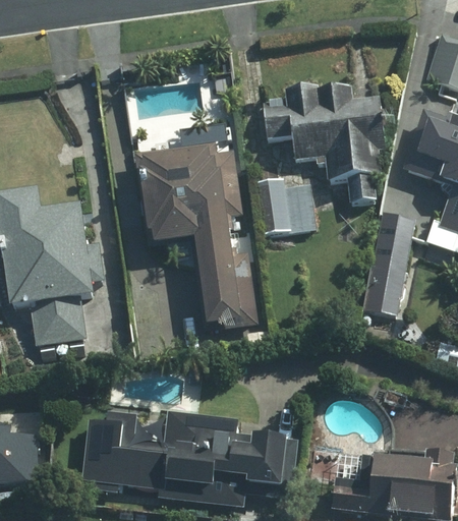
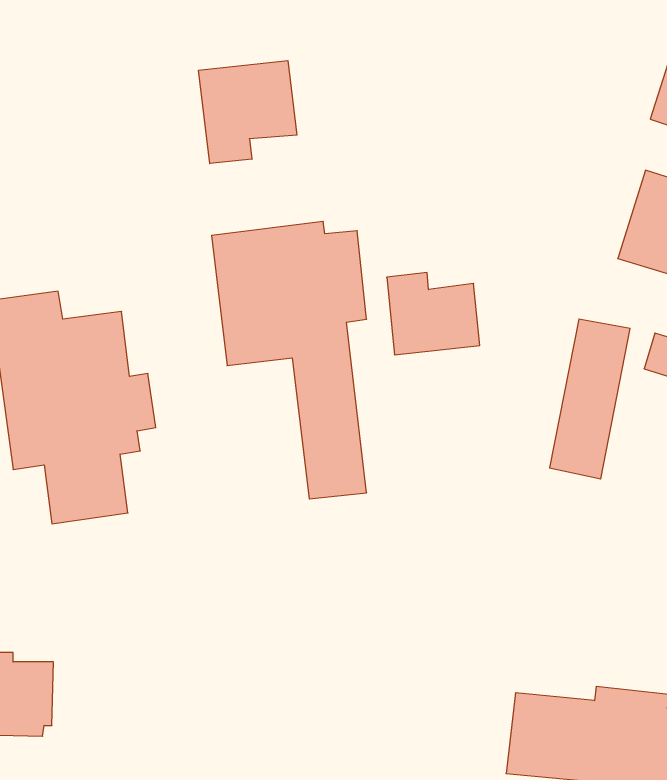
building: none -> [199,61,297,164]
building: [264,89,384,201] -> none
building: [87,412,289,506] -> none

